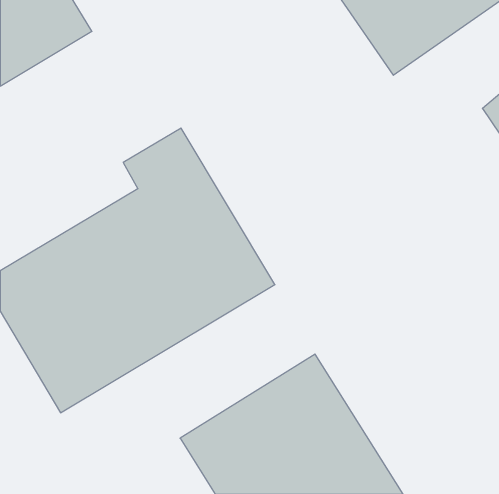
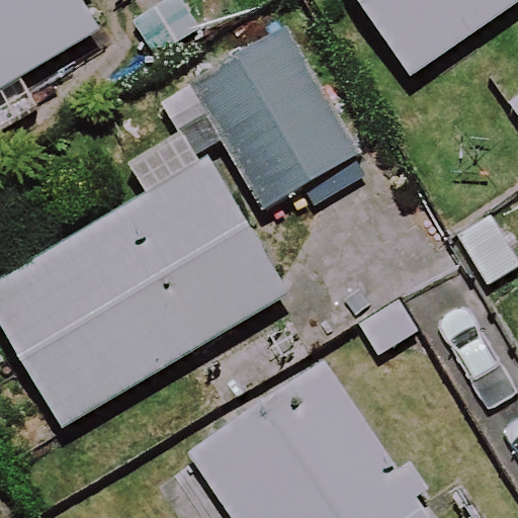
building: none -> [176,5,367,209]

